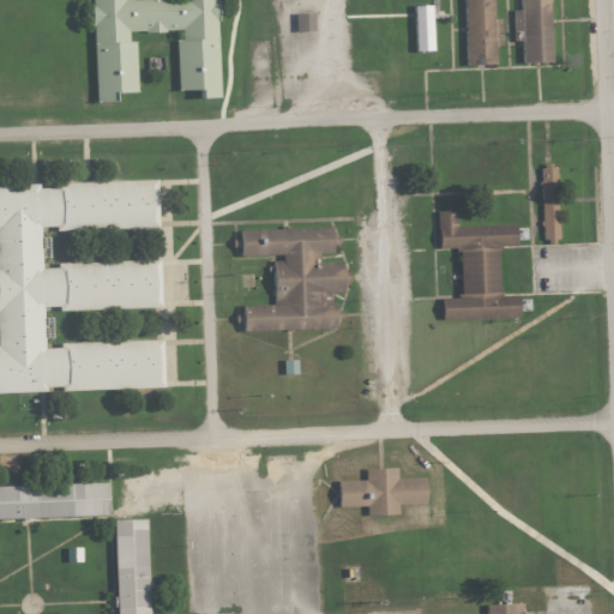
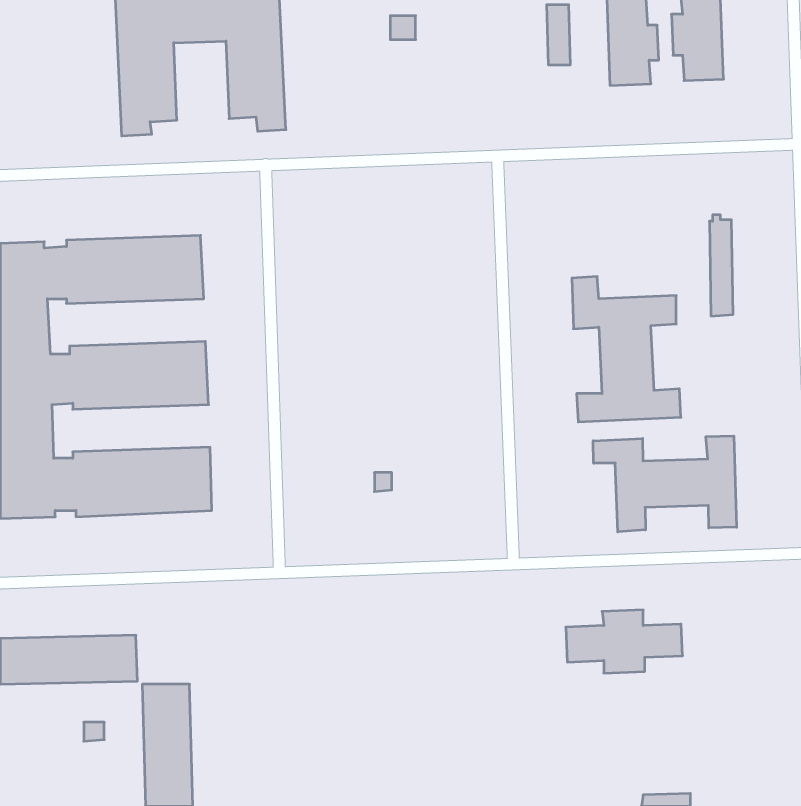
building: [241,228,348,332] -> none
building: none -> [593,436,737,532]
building: [339,468,428,516] -> [566,610,683,673]

